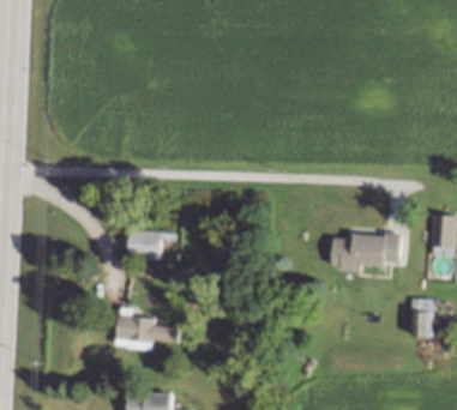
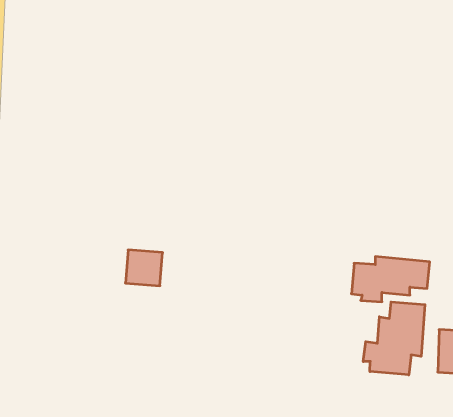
building: none -> [363,302,425,375]
building: [112,314,175,351] -> none

